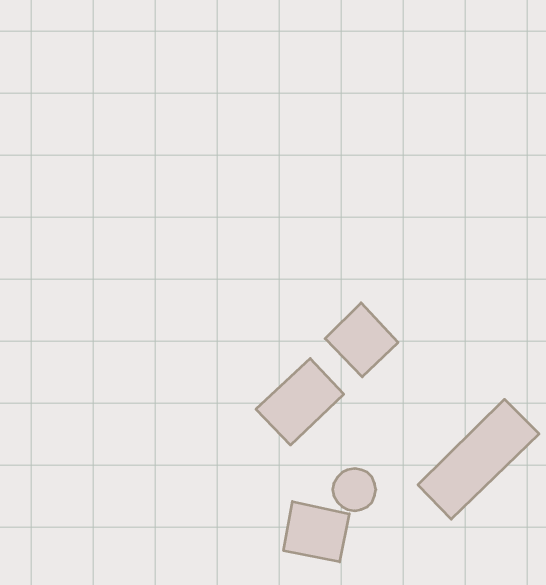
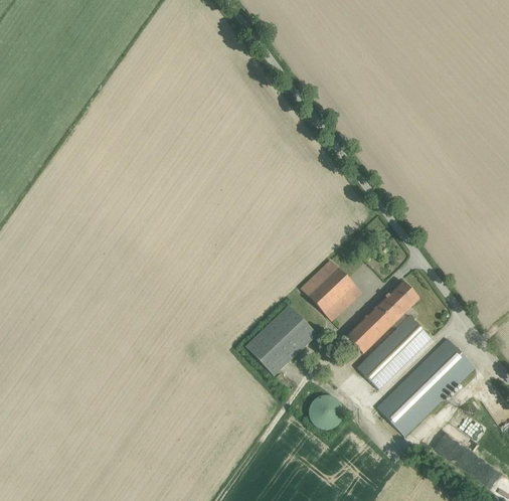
building: none -> [345,280,432,389]
building: [284,501,349,562] -> none

